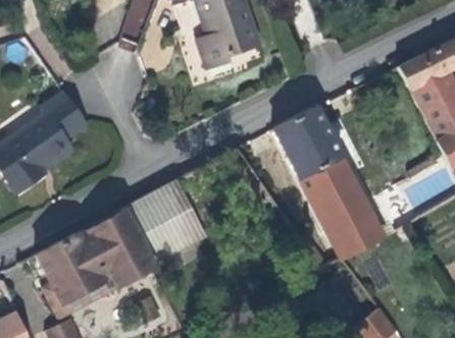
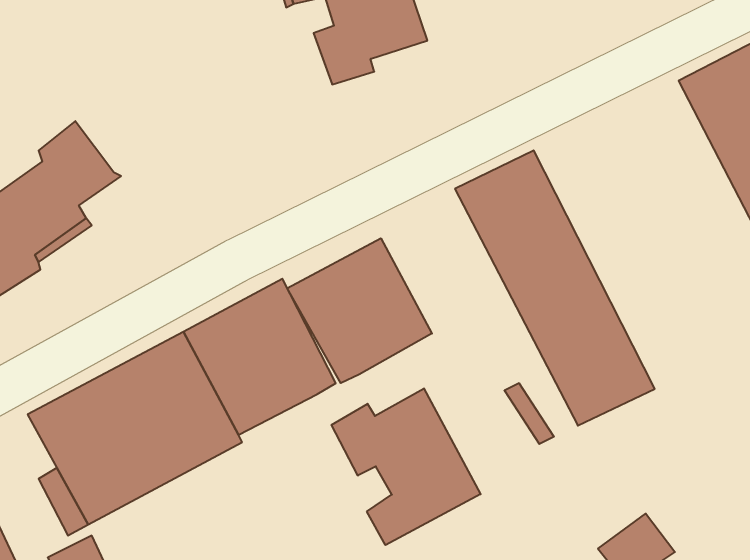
building: none -> [287,238,432,383]
building: none -> [332,388,481,545]

